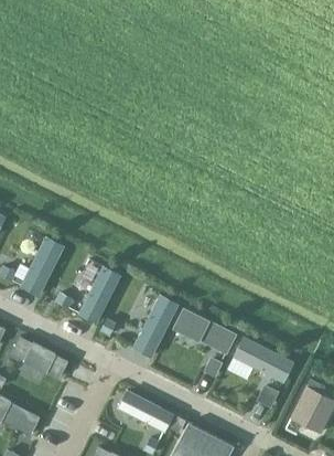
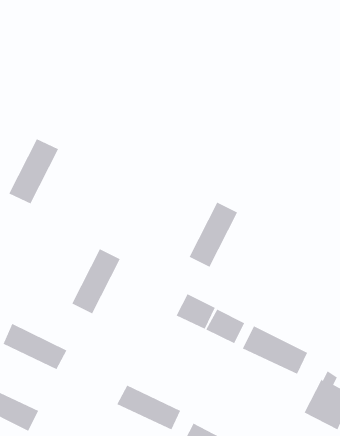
building: [17,237,64,299] -> [8,138,59,204]
building: [129,296,175,358] -> [189,202,238,268]

